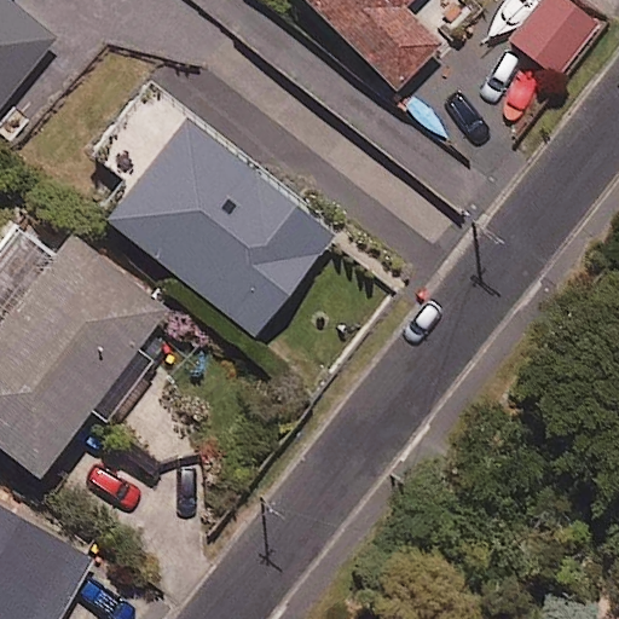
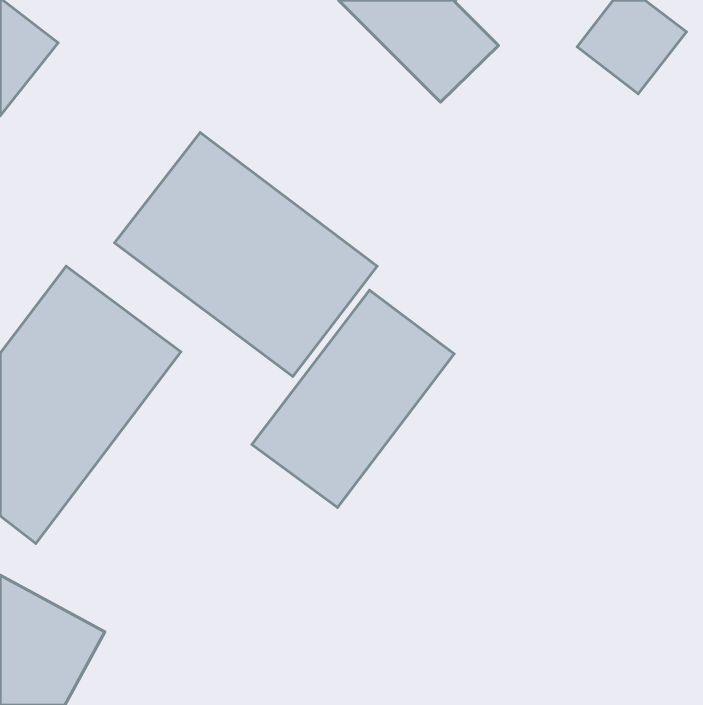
building: none -> [252,290,454,508]

